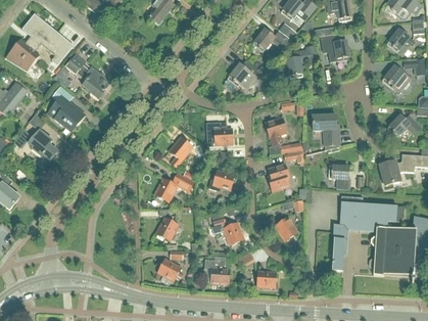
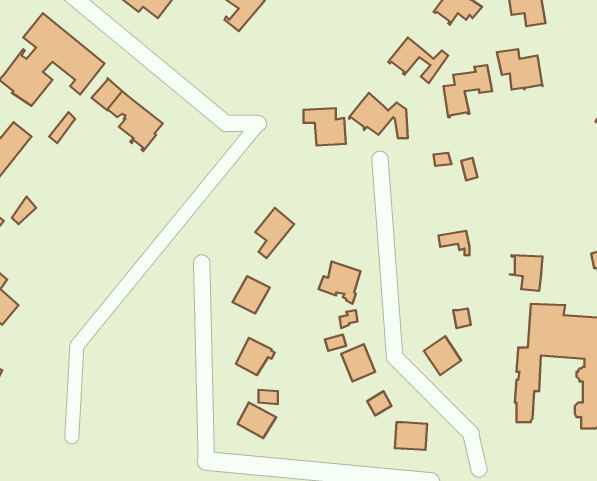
building: [48,85,86,129] -> none
building: [312,116,339,150] -> none
building: [265,117,287,145] -> none
building: [206,122,233,145] -> [303,108,346,146]
building: [30,131,57,159] -> none
building: [268,164,290,192] -> none
building: [204,257,231,285] -> none

